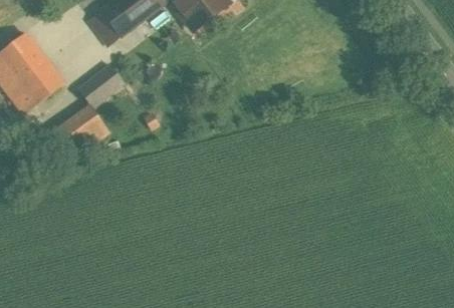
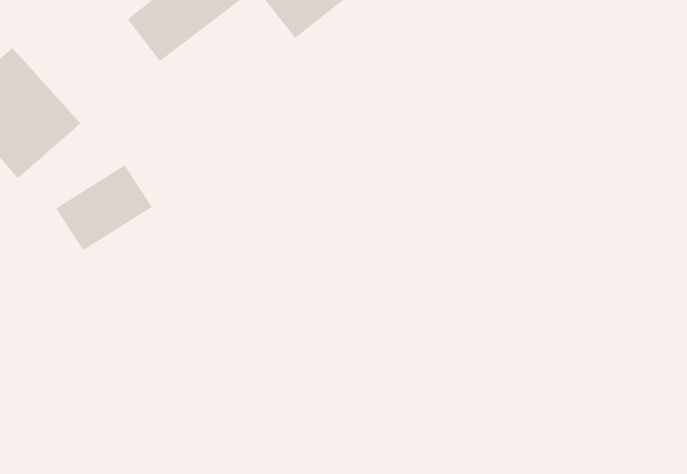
building: [78,64,123,105] -> none

